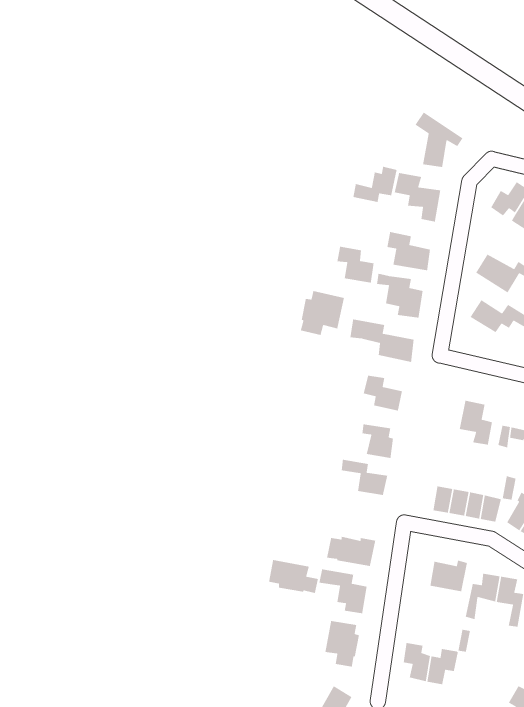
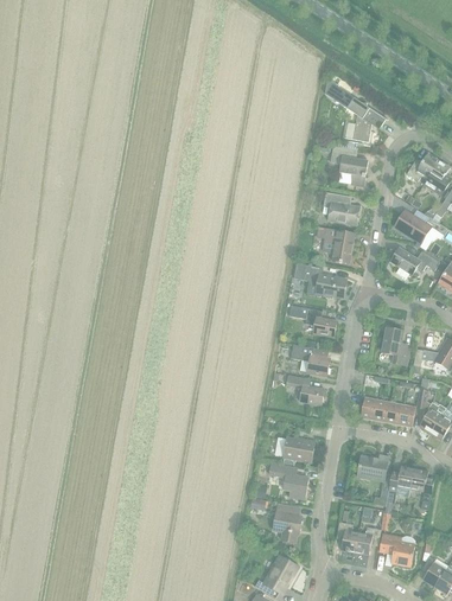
building: [352,166,398,203] -> none
building: [337,246,375,283] -> none
building: [300,290,345,336] -> none
building: [268,559,319,594] -> none
building: none -> [380,535,414,567]

